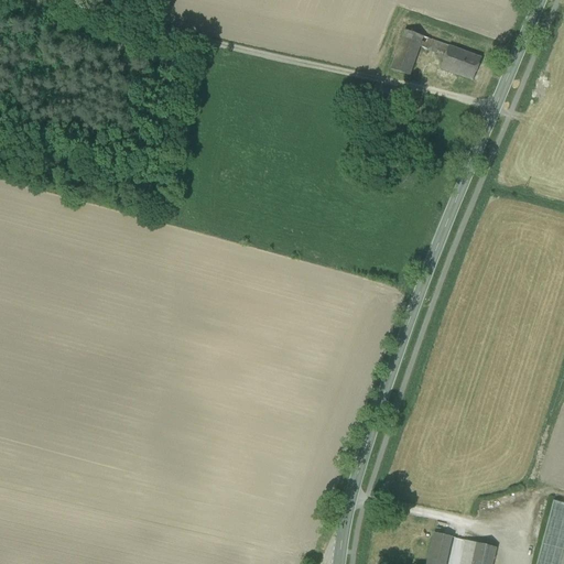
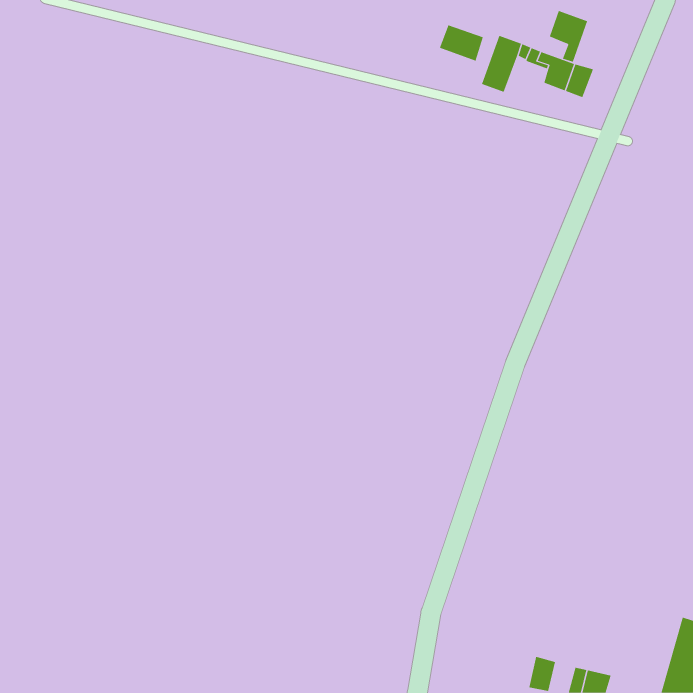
building: none -> [549,10,588,62]
building: none -> [439,25,483,61]

